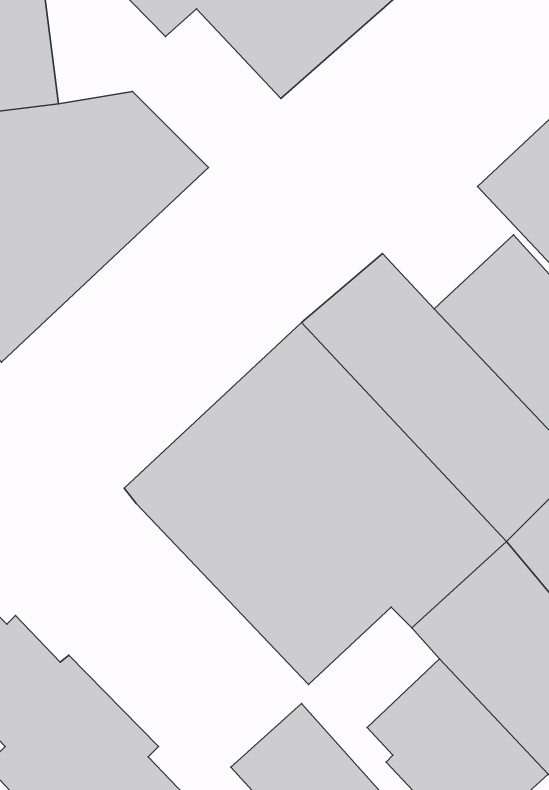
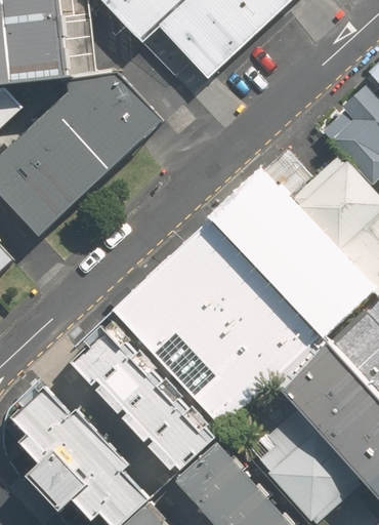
building: none -> [72,319,226,476]

